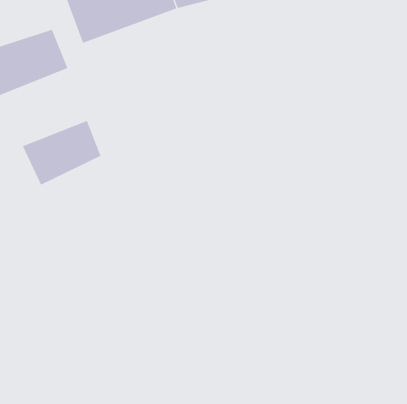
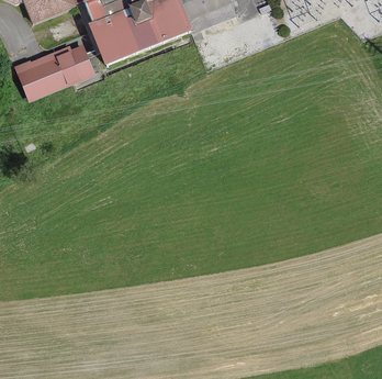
building: [22,120,101,186] -> none

